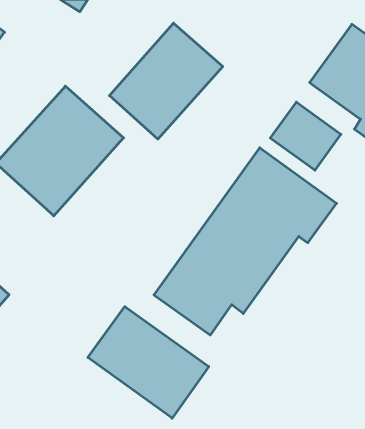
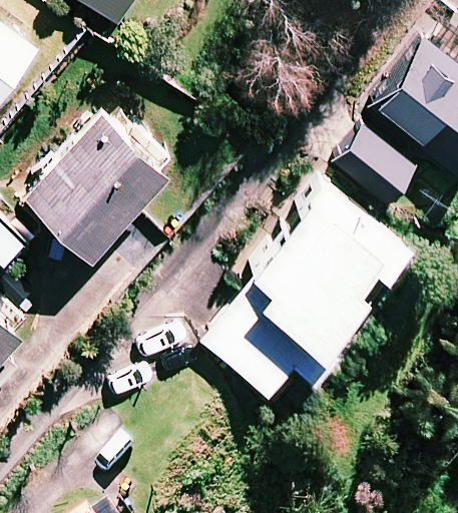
building: [109,23,223,139] -> none
building: [88,307,209,418] -> none

